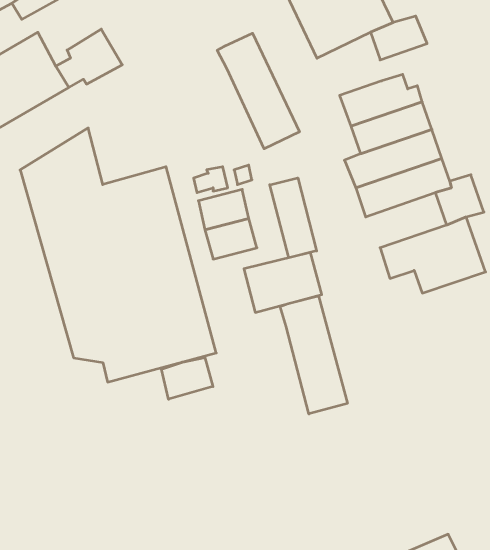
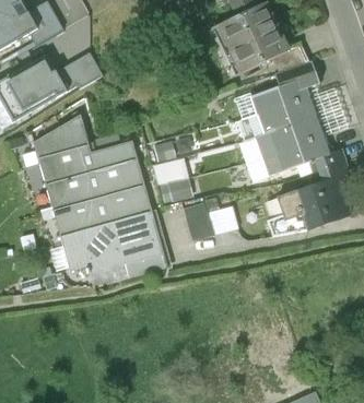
building: [217,33,299,149] -> none
building: none -> [273,59,316,90]
building: [270,178,317,258] -> none
building: [280,296,347,414] -> none
building: [162,358,213,399] -> none

